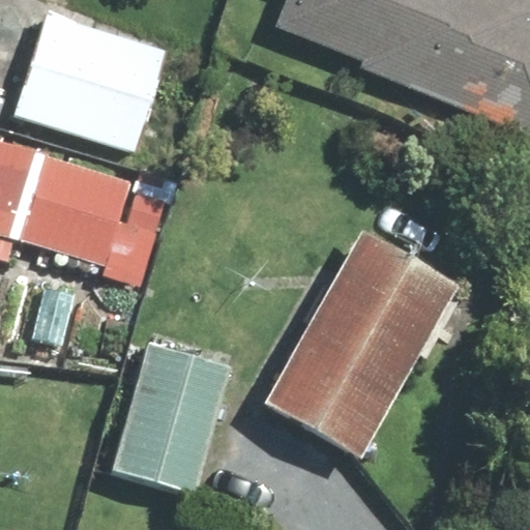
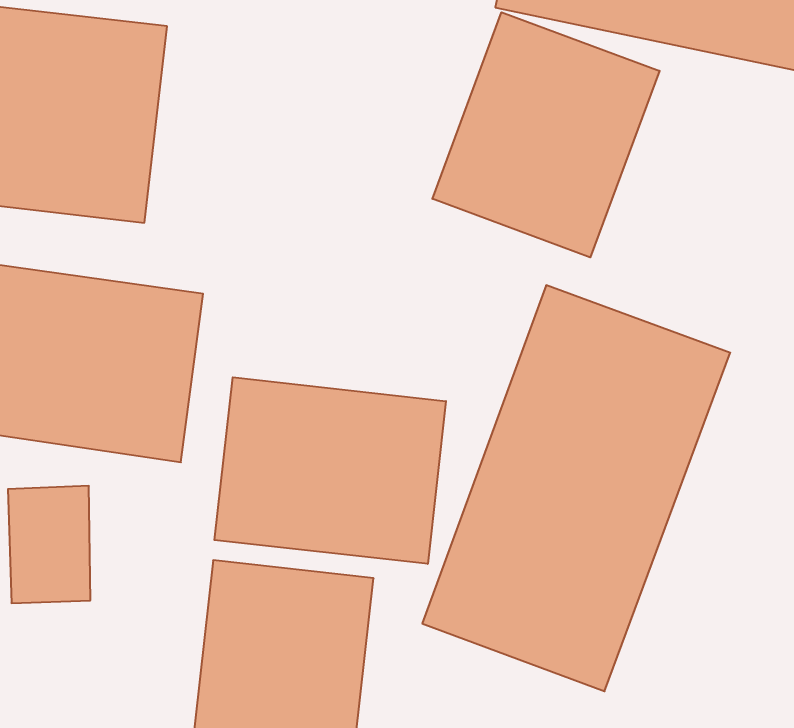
building: none -> [432,12,660,257]
building: none -> [214,377,446,564]

